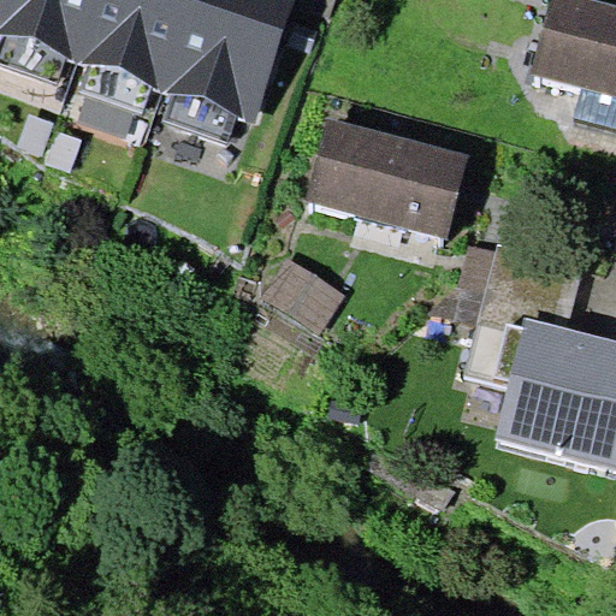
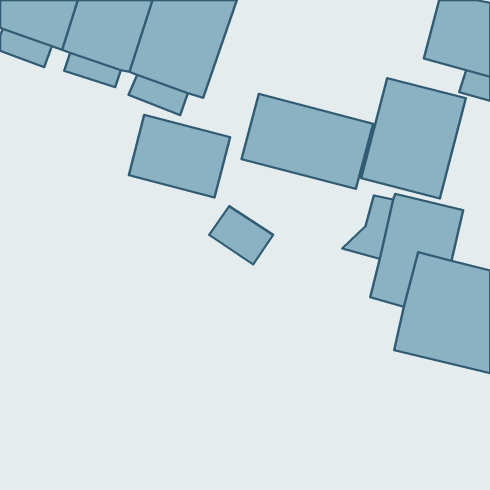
building: none -> [361,78,466,199]
building: none -> [129,115,230,198]

